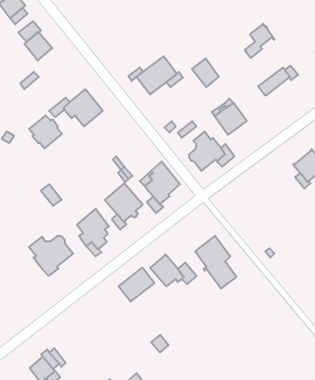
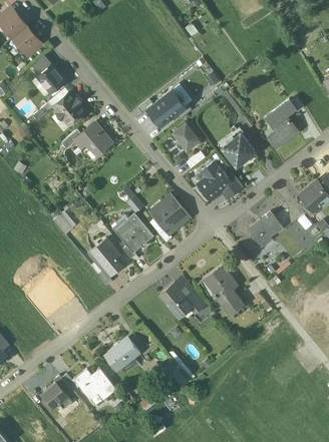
building: [245,24,275,58] -> [269,116,298,149]
building: [192,58,219,87] -> [173,122,199,150]
building: [29,115,62,148] -> [53,93,85,125]
building: none -> [247,212,282,244]
building: [29,236,73,276] -> none
building: [118,268,155,302] -> [105,337,140,370]
building: none -> [74,368,115,398]

